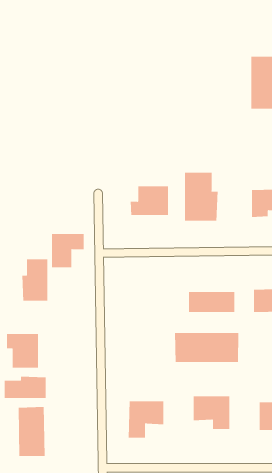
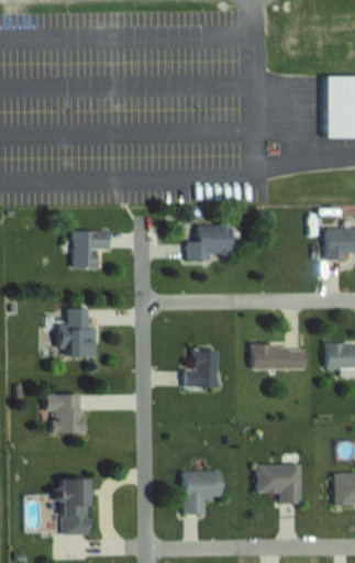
building: [184,172,218,221] -> none
building: [51,233,85,268] -> [73,230,111,269]
building: none -> [185,350,219,388]
building: [174,332,239,363] -> none
building: [4,376,46,399] -> none

